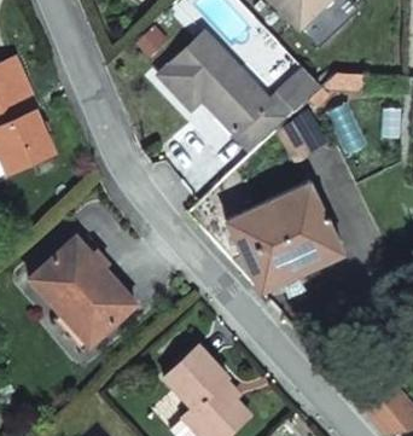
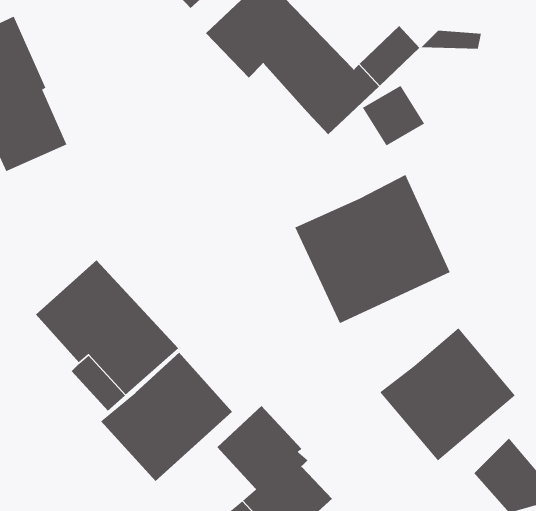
building: none -> [379,327,516,461]
building: none -> [100,352,233,482]

